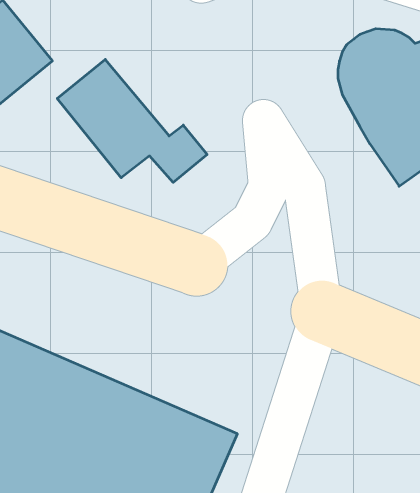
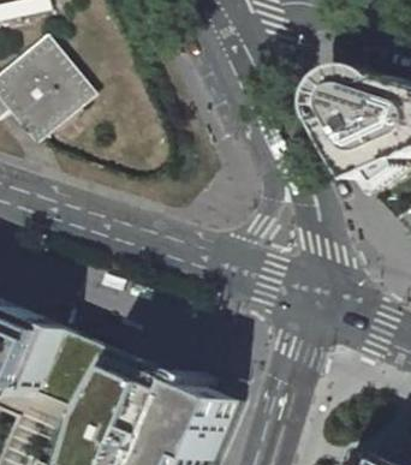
building: [57,59,207,182] -> none

